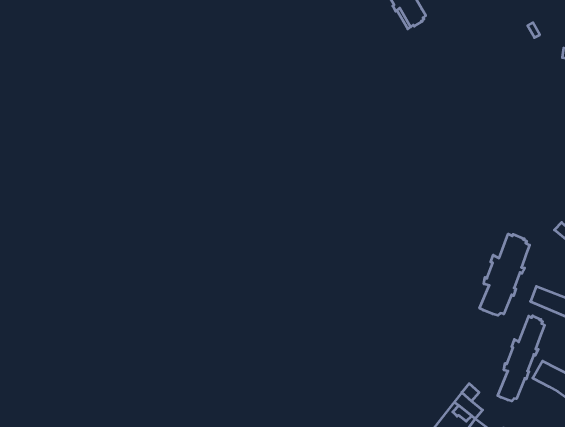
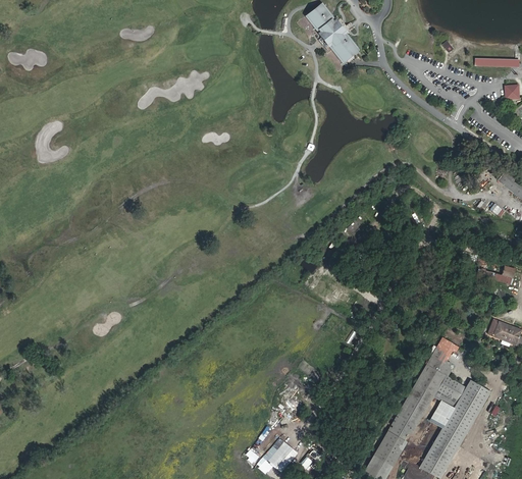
building: [480,234,530,315] -> none
building: [498,316,545,401] -> none

